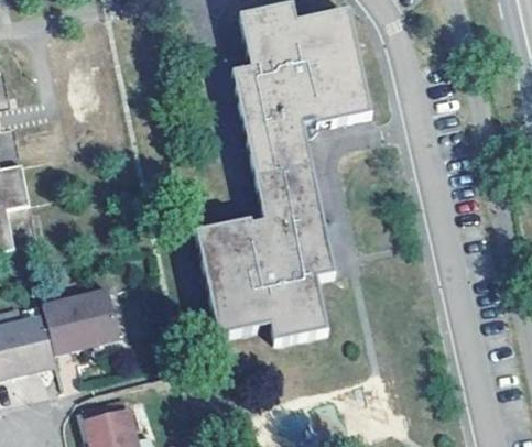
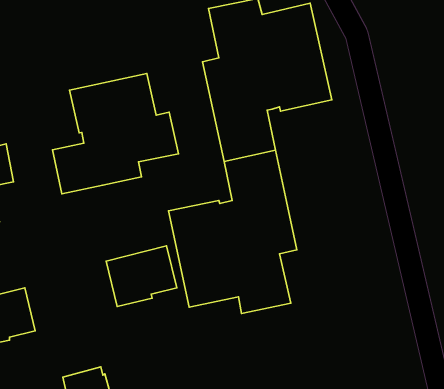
building: none -> [53,73,178,194]
building: [42,286,118,351] -> [106,246,177,306]

